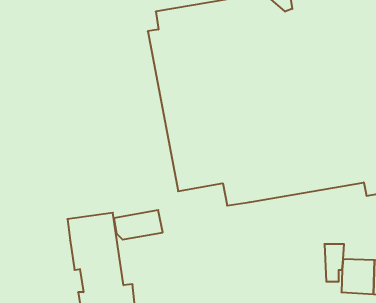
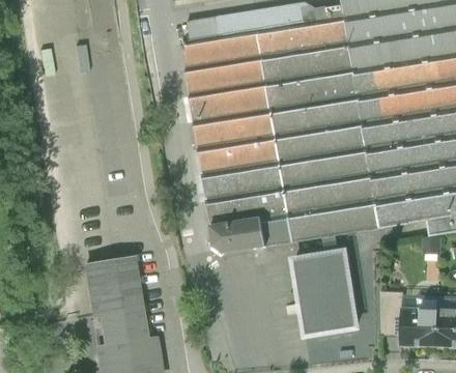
building: none -> [298,249,359,328]
building: [114,210,163,240] -> [211,220,268,254]

